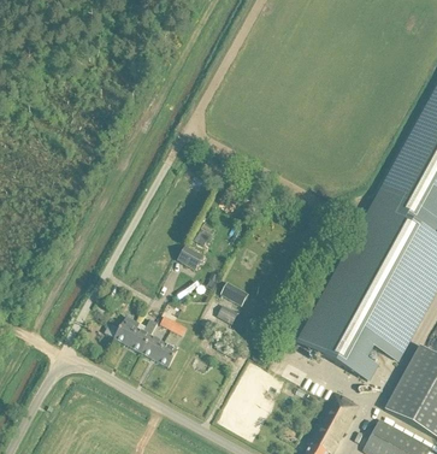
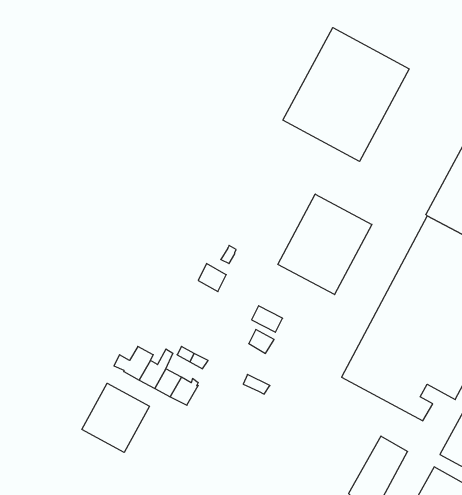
building: none -> [283,28,409,161]
building: none -> [278,194,372,295]
building: none -> [82,383,149,452]

